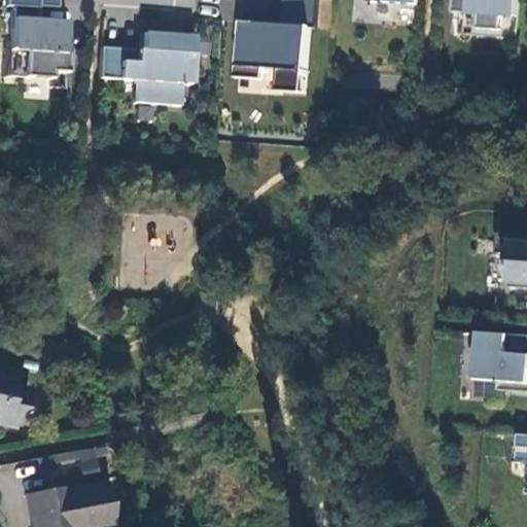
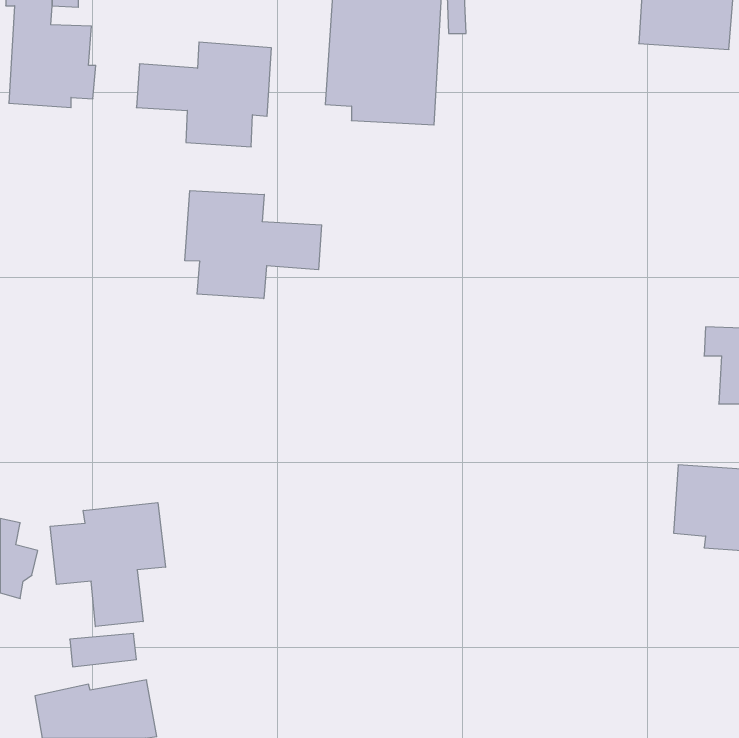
building: none -> [185,191,322,299]
building: none -> [50,503,166,627]

